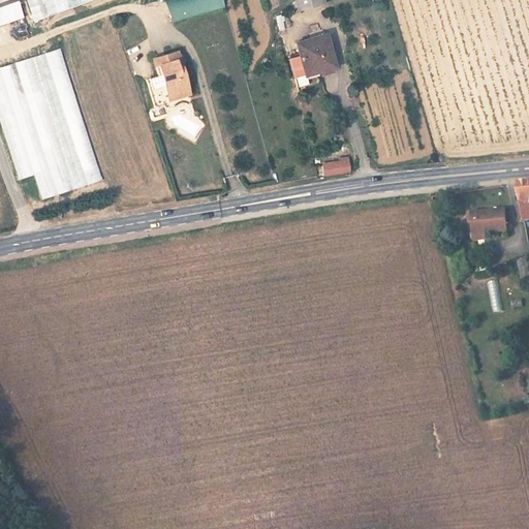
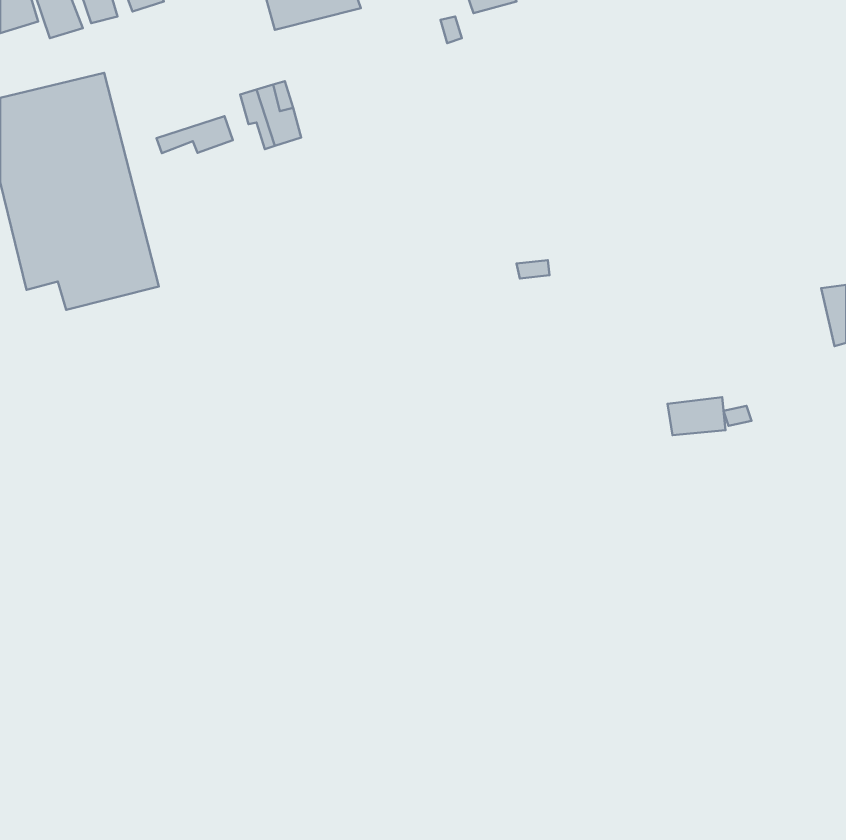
building: [294,32,335,74] -> none
building: none -> [157,116,233,153]
building: [470,213,506,237] -> [667,397,725,435]

